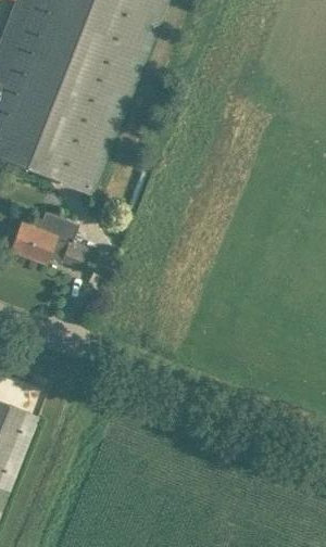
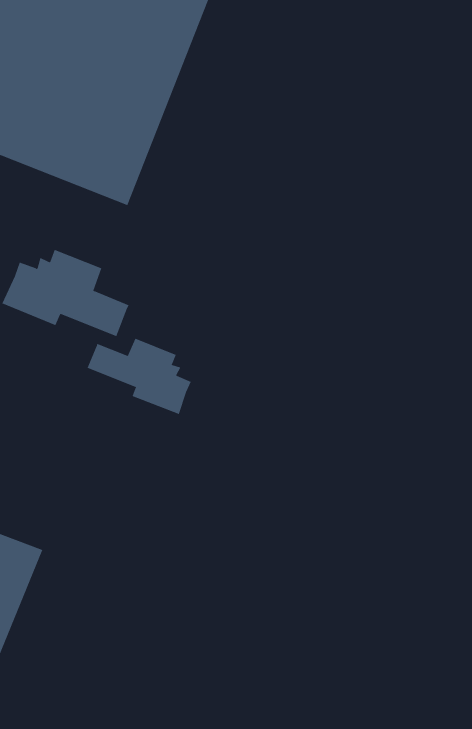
building: none -> [87,338,192,415]

